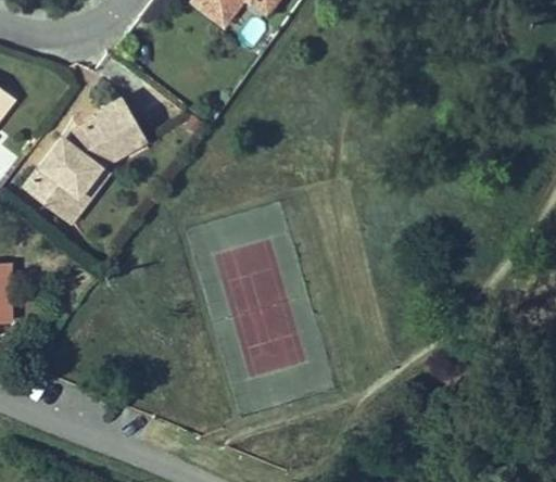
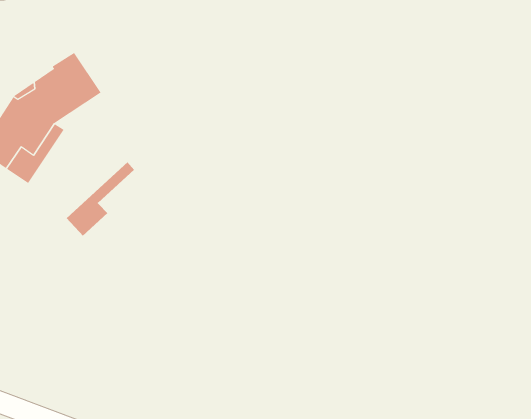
building: none -> [66,161,135,236]

